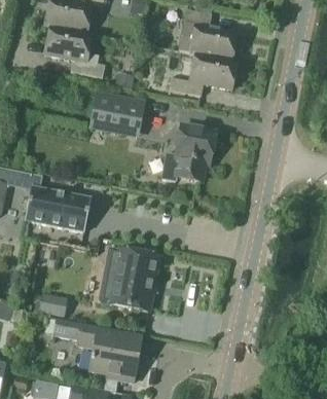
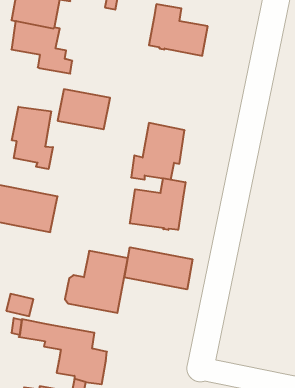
building: [169,51,238,95] -> none
building: none -> [12,107,53,169]
building: none -> [130,178,185,230]
building: none -> [125,247,192,289]

